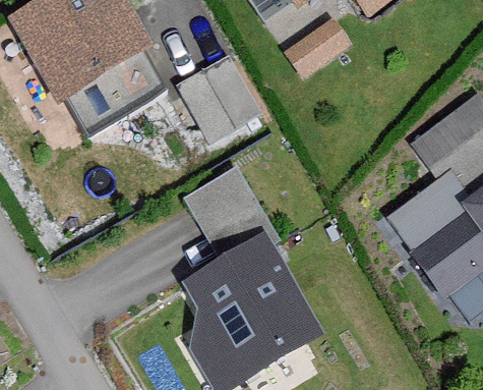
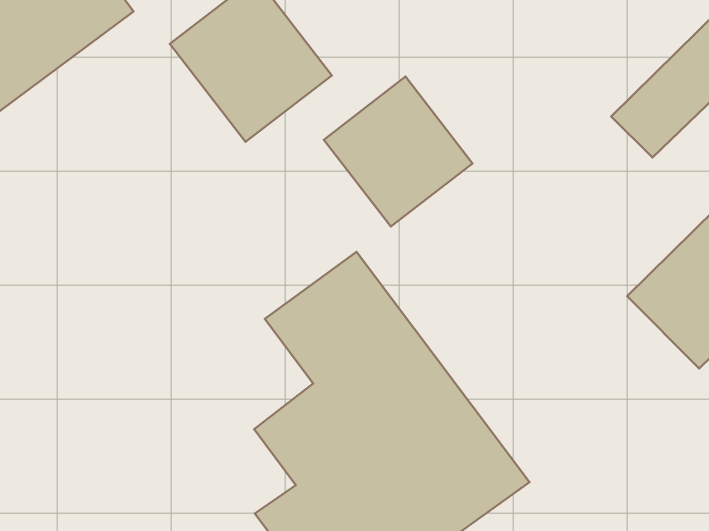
building: none -> [324,77,473,227]

